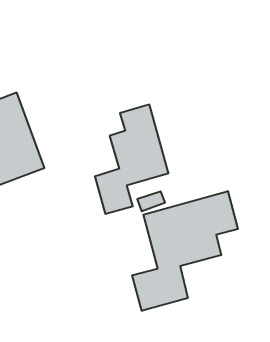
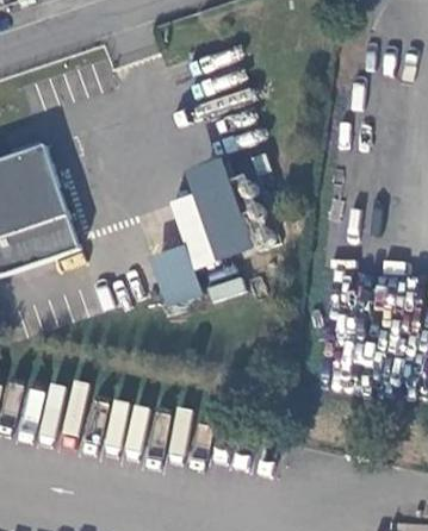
building: [132,191,238,311] -> none

